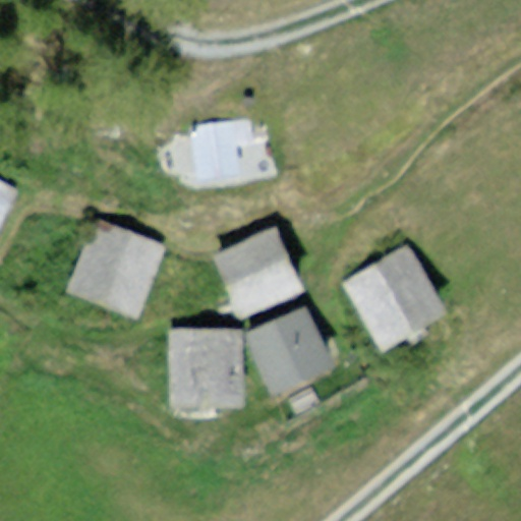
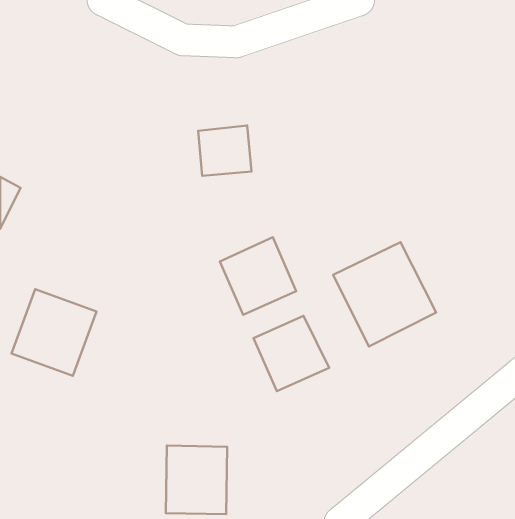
building: [67,221,152,307] -> [12,289,96,376]
building: [182,338,243,406] -> [166,446,227,514]

